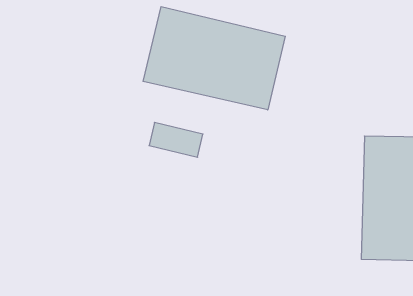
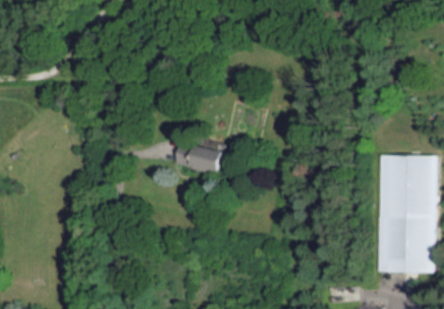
building: [143,7,285,110] -> none

